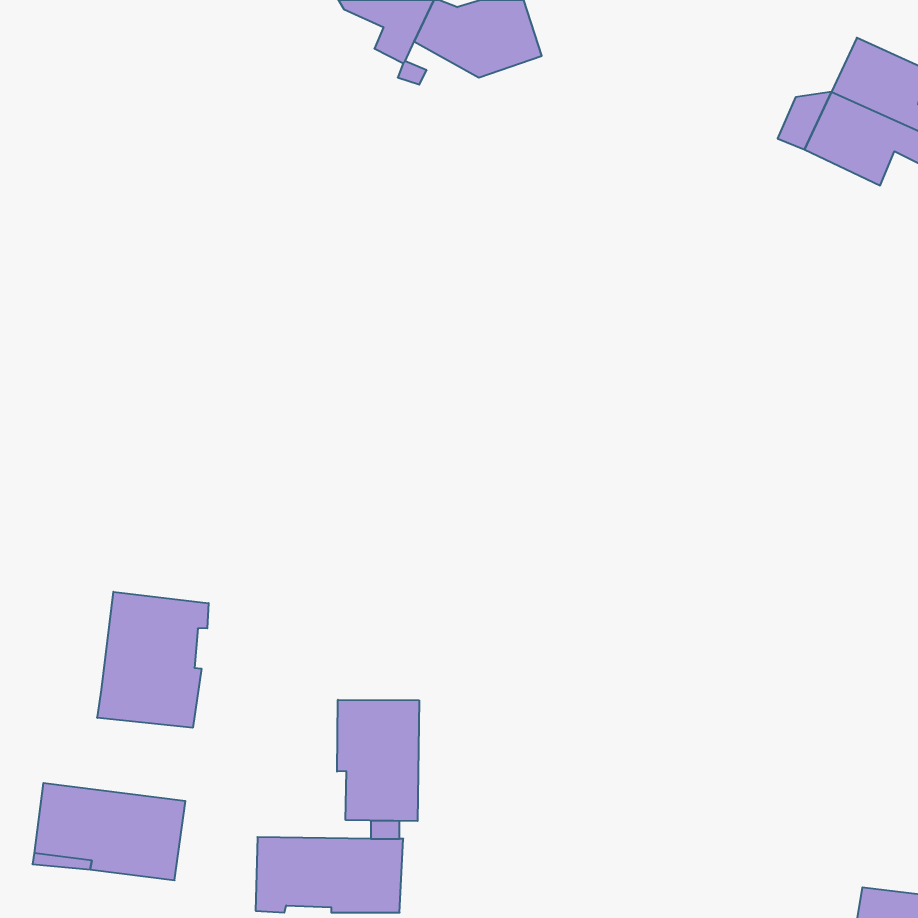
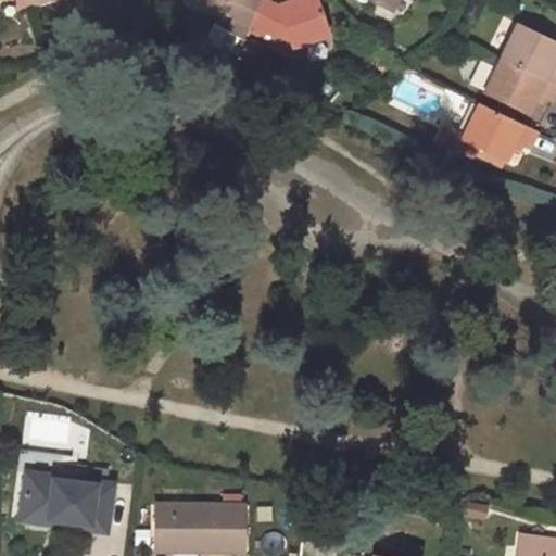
building: none -> [439,102,540,160]
building: [97,592,209,728] -> none
building: [337,700,419,821] -> none

